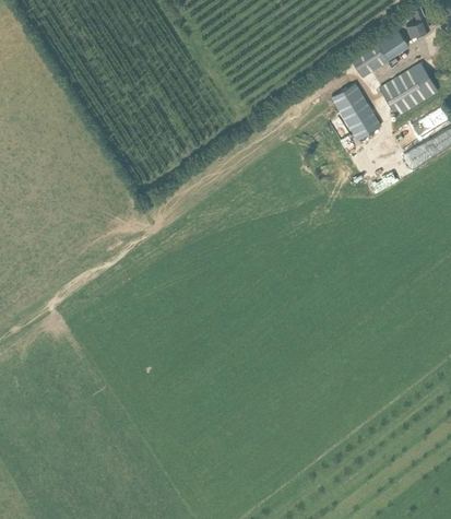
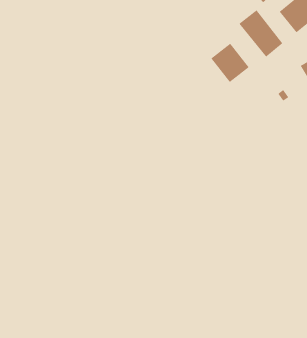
building: none -> [210,43,249,83]

